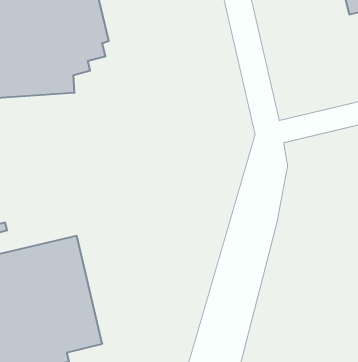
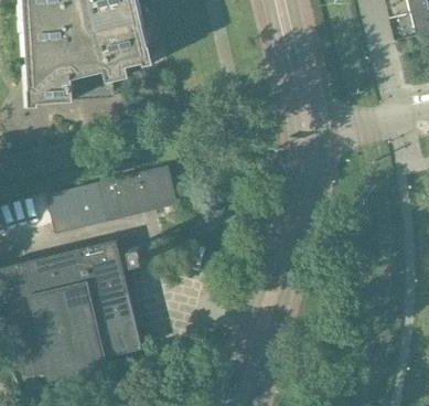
building: none -> [46,164,178,233]

